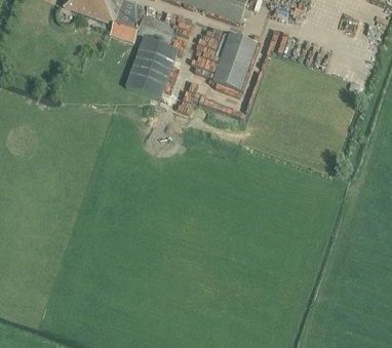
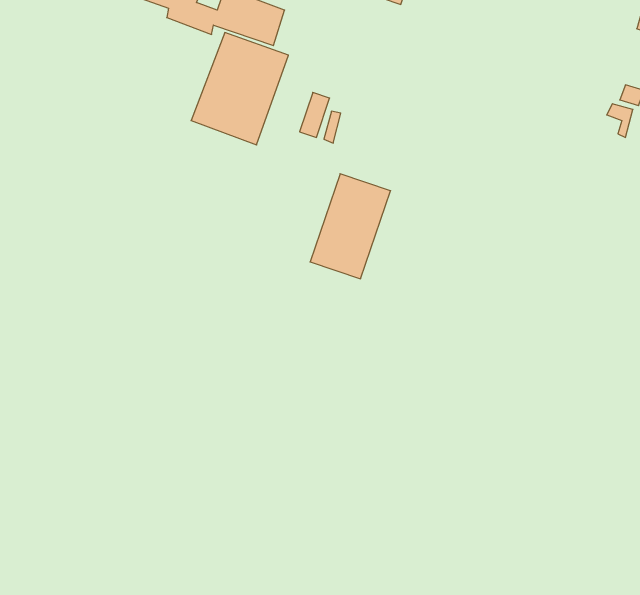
building: [211,34,256,91] -> [310,174,391,279]

